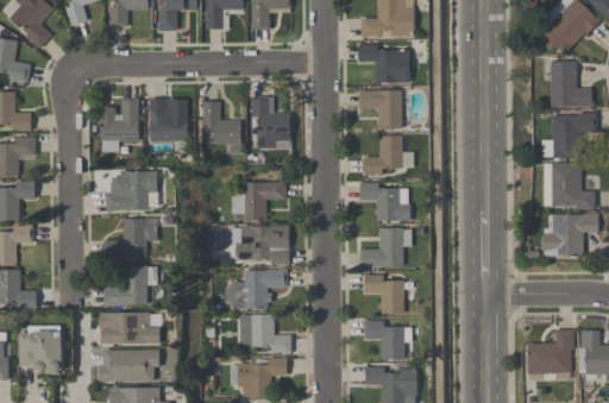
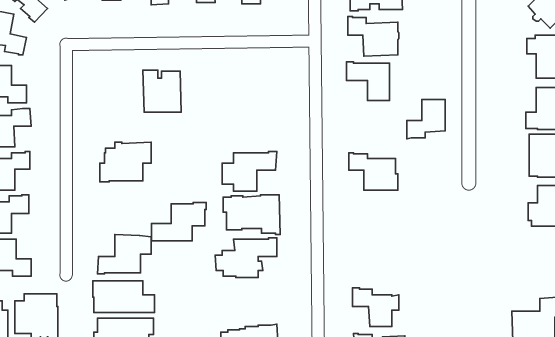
building: [251,95,290,149] -> none
building: [99,97,139,151] -> none
building: [202,101,241,144] -> none
building: [364,136,403,176] -> [407,99,445,139]
building: [103,218,159,257] -> [151,203,206,241]
building: [359,227,412,267] -> none
building: [365,273,404,314] -> none
building: [239,315,291,353] -> none

